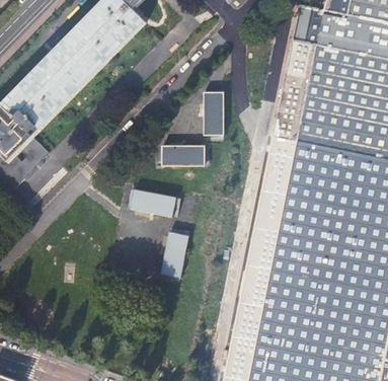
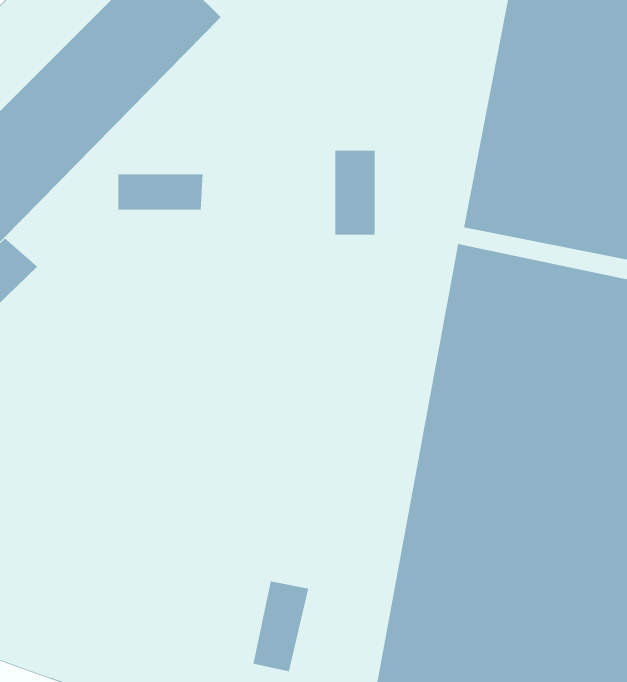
building: [162,145,207,164] -> [118,174,203,211]
building: [132,188,177,215] -> none
building: [161,231,190,279] -> [253,580,309,672]

